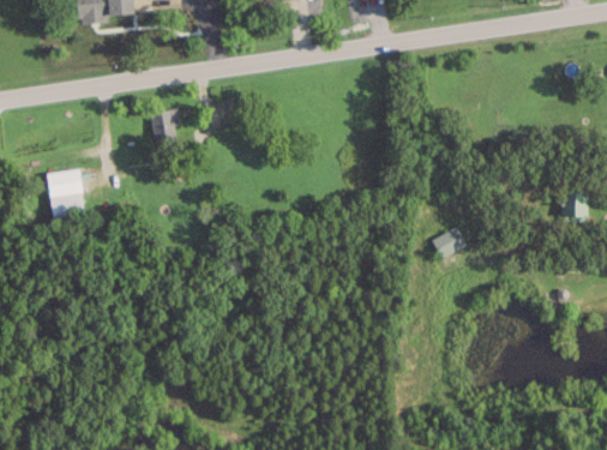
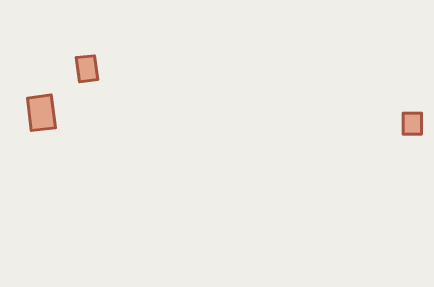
building: [151,109,181,145] -> [76,56,98,82]
building: [432,226,468,259] -> none

